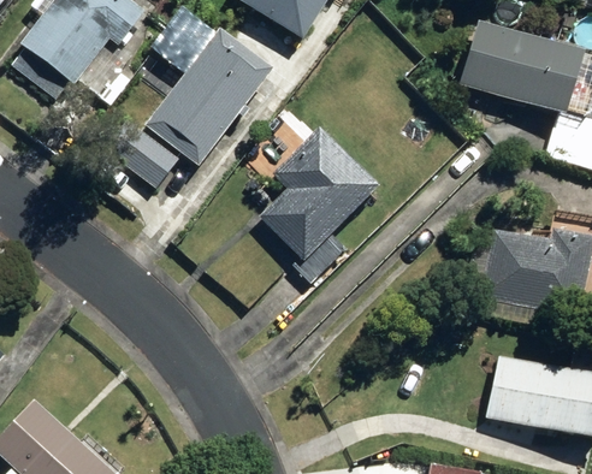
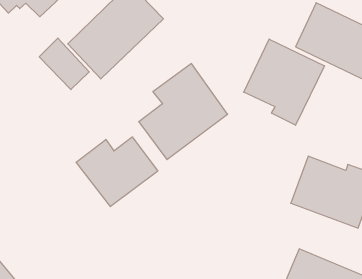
building: none -> [244,39,324,125]
building: none -> [76,137,158,207]

